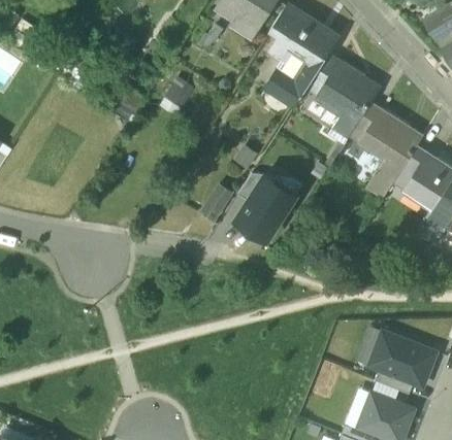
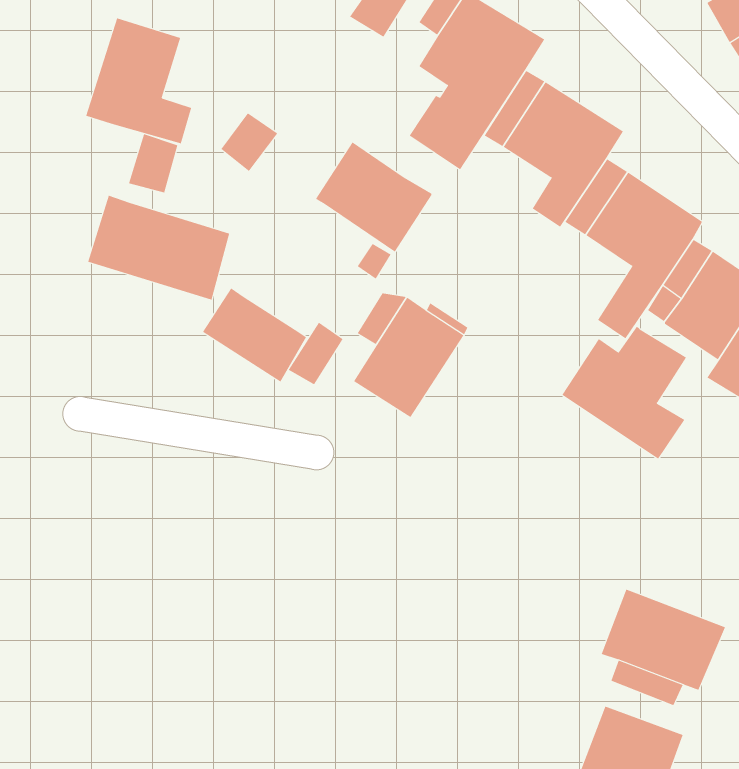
building: none -> [86,18,192,144]
building: none -> [315,142,432,252]
building: none -> [88,195,230,300]
building: none -> [202,287,307,382]
building: none -> [562,326,687,460]

